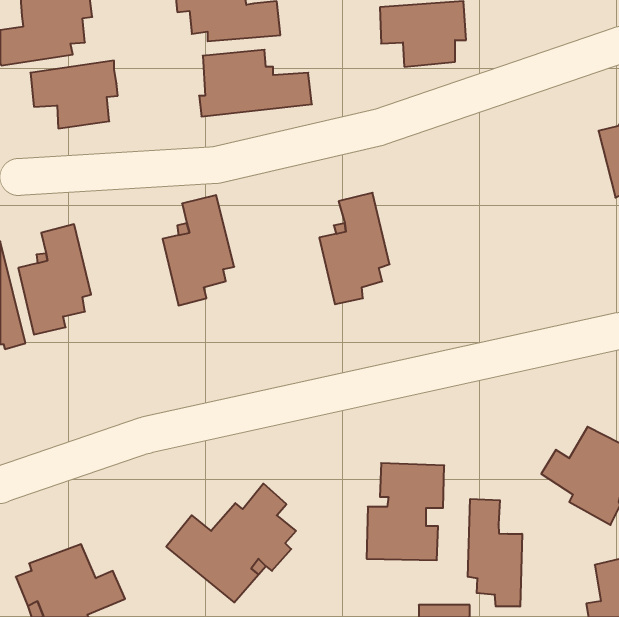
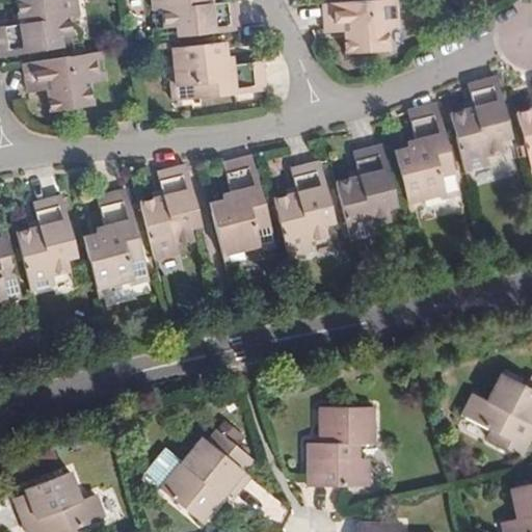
building: none -> [451,81,513,174]
building: none -> [395,107,459,207]
building: none -> [336,147,398,240]
building: none -> [209,160,275,259]
building: none -> [83,193,148,292]
building: [468,499,522,607] -> none

